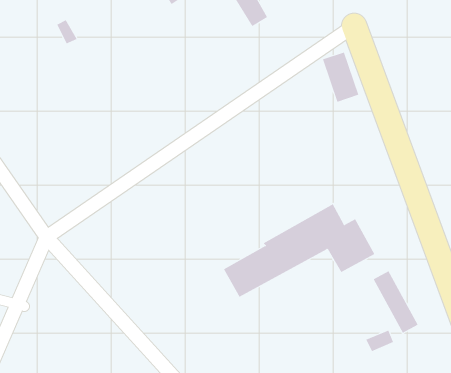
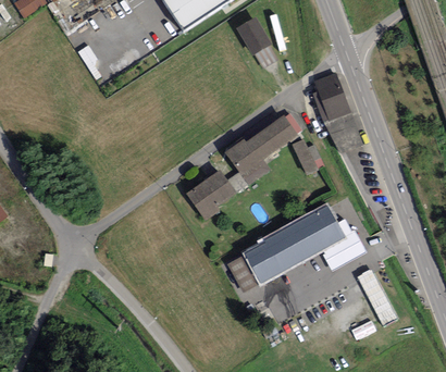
building: none -> [225,114,295,179]
building: none -> [295,135,326,171]
building: none -> [187,171,232,215]

